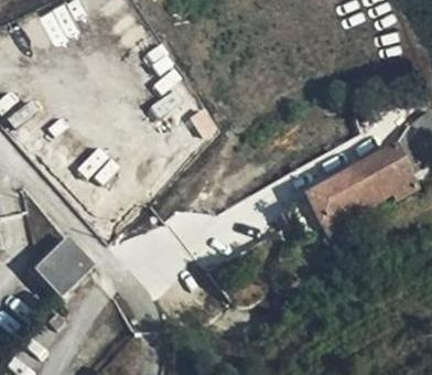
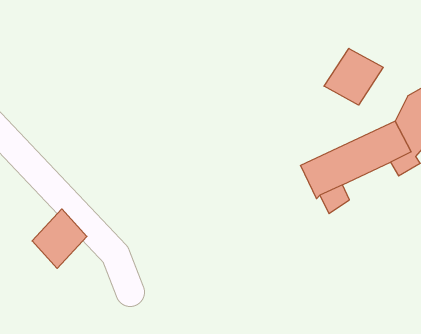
building: none -> [324,48,383,105]

